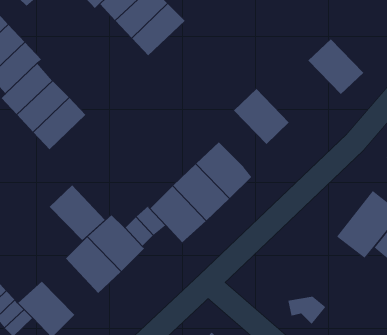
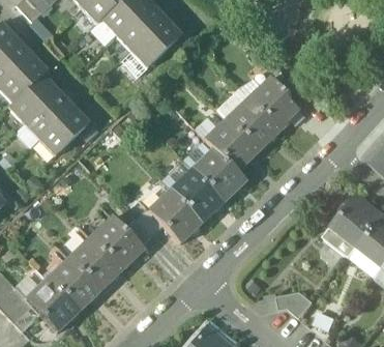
building: [308,38,364,95] -> [247,78,300,131]
building: none -> [204,119,257,172]
building: [49,185,105,241] -> [47,258,99,311]

